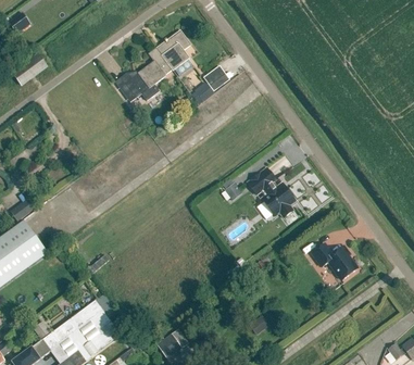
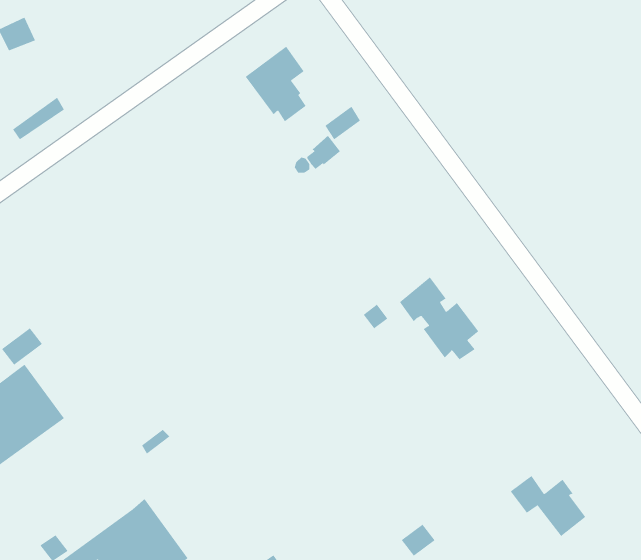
building: [118,48,172,102] -> none
building: [312,243,357,280] -> [510,475,586,537]

